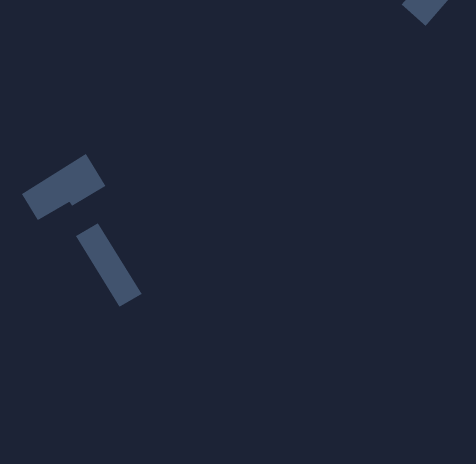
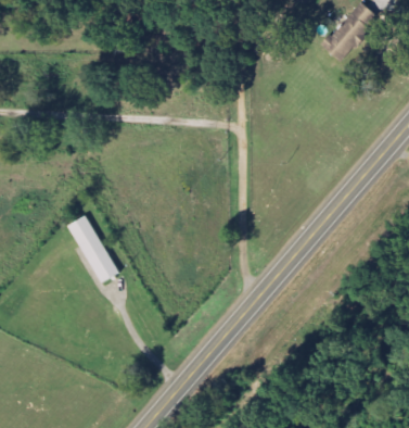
building: [21,153,107,221] -> none

